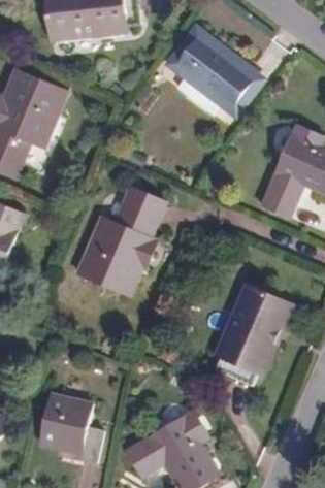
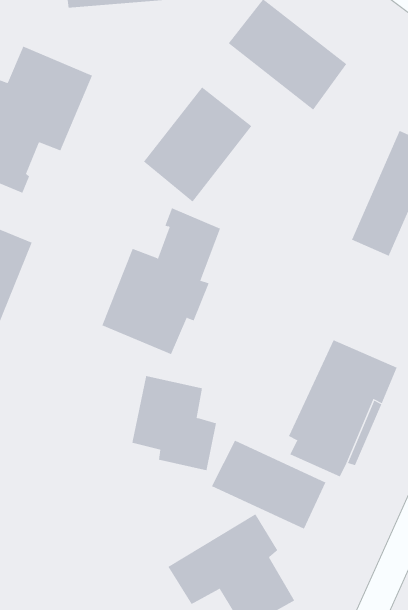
building: none -> [143,87,252,203]
building: none -> [211,440,326,529]
building: [39,392,102,462] -> [131,375,217,471]

